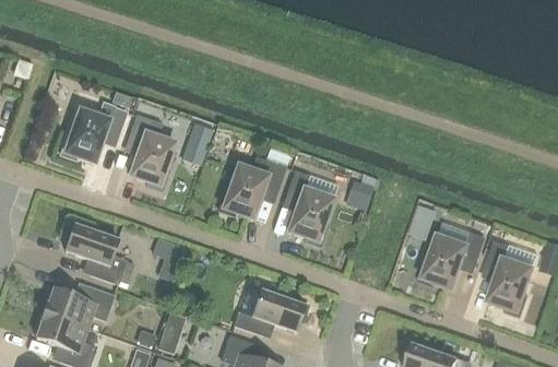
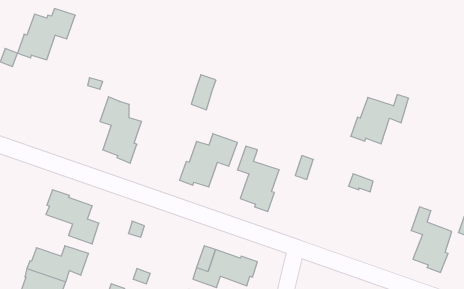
building: [60,103,127,162] -> [17,9,75,60]
building: [182,122,211,163] -> [191,75,216,110]
building: [417,232,484,288] -> [351,95,409,144]

